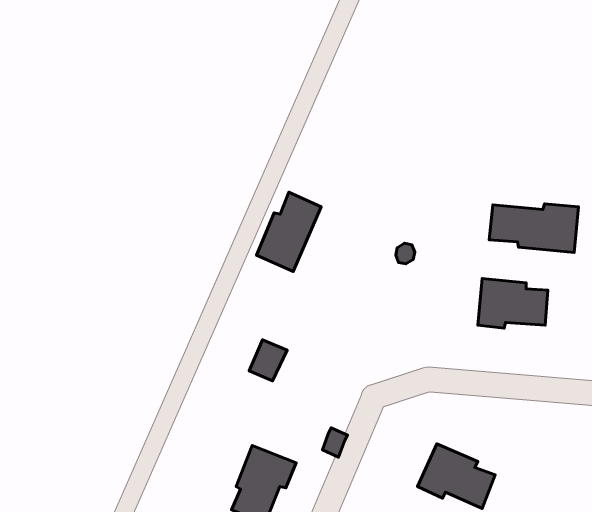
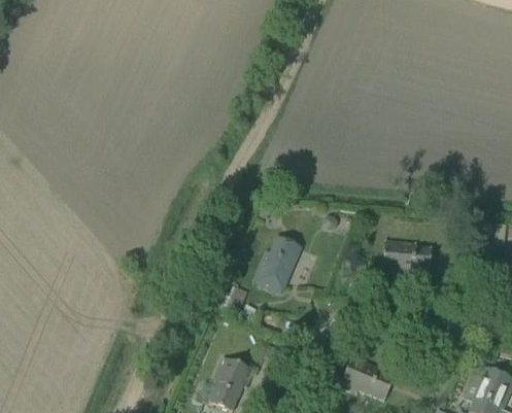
building: [257,192,321,271] -> [255,236,301,291]
building: [489,204,579,253] -> none

